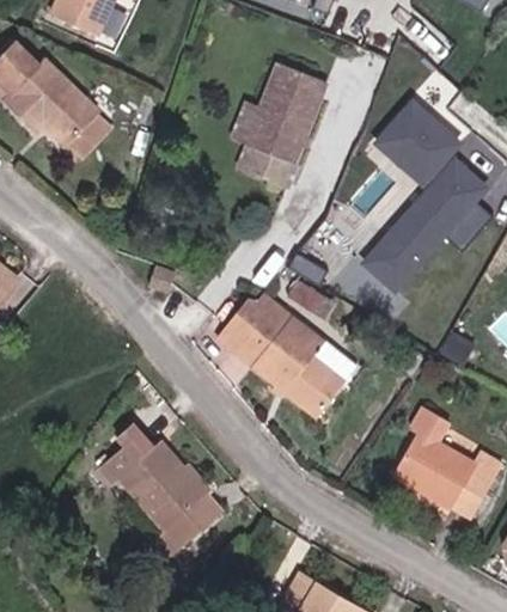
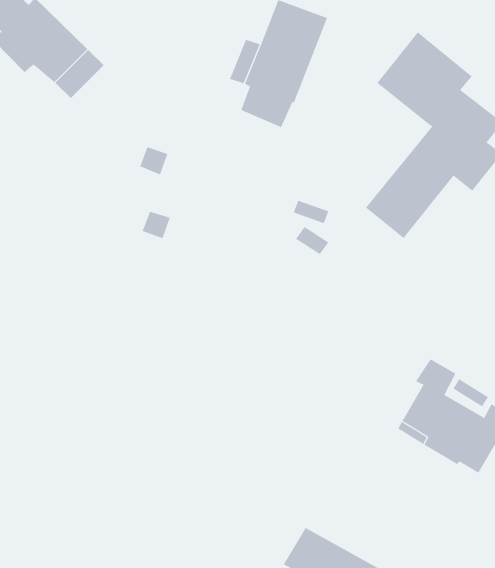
building: [221,293,343,417] -> none
building: [105,421,227,557] -> none

